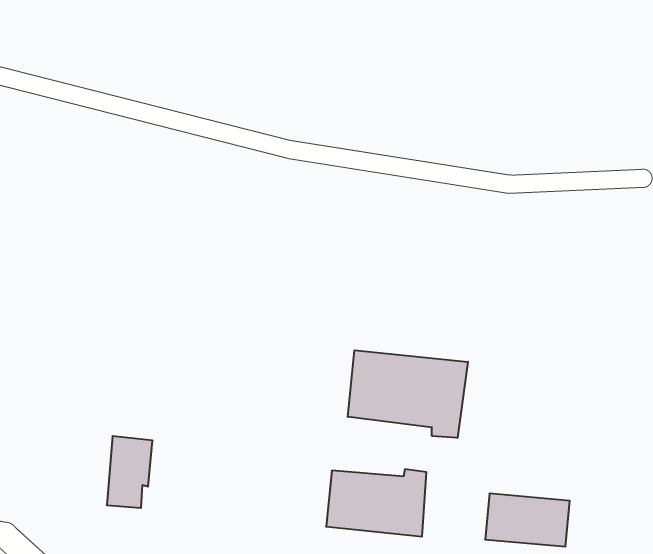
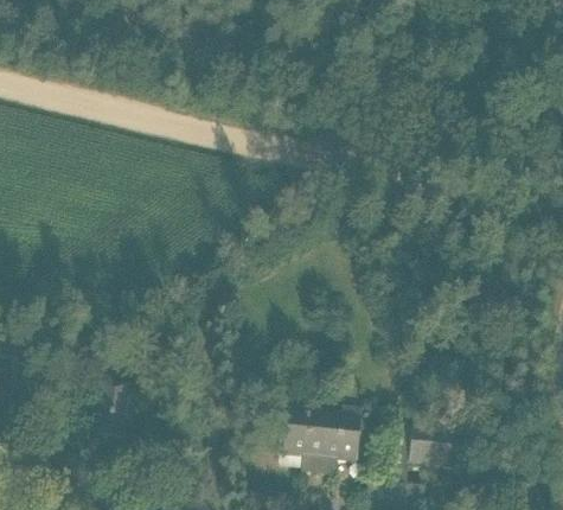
building: [348,350,468,438] -> none

